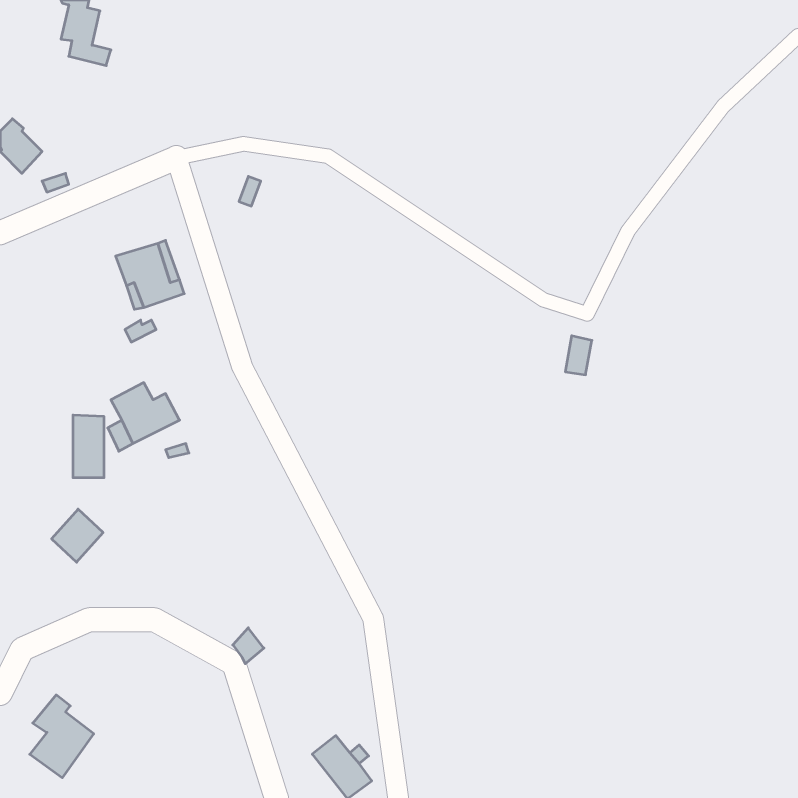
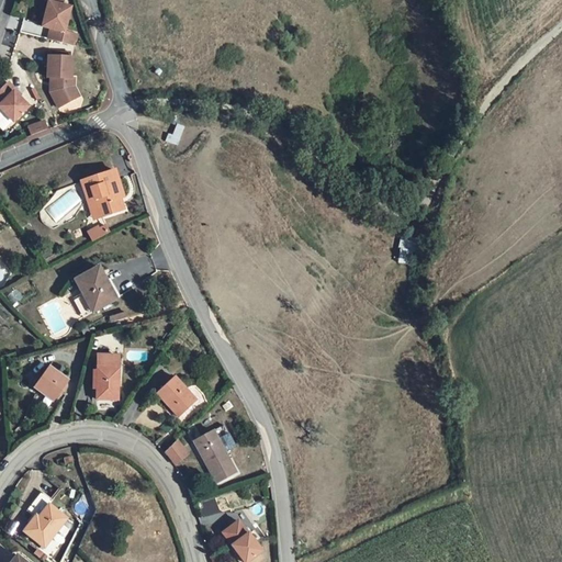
building: none -> [49,56,74,105]
building: [73,415,104,478] -> [95,355,117,398]
building: none -> [154,375,196,418]
building: none -> [191,423,236,482]

